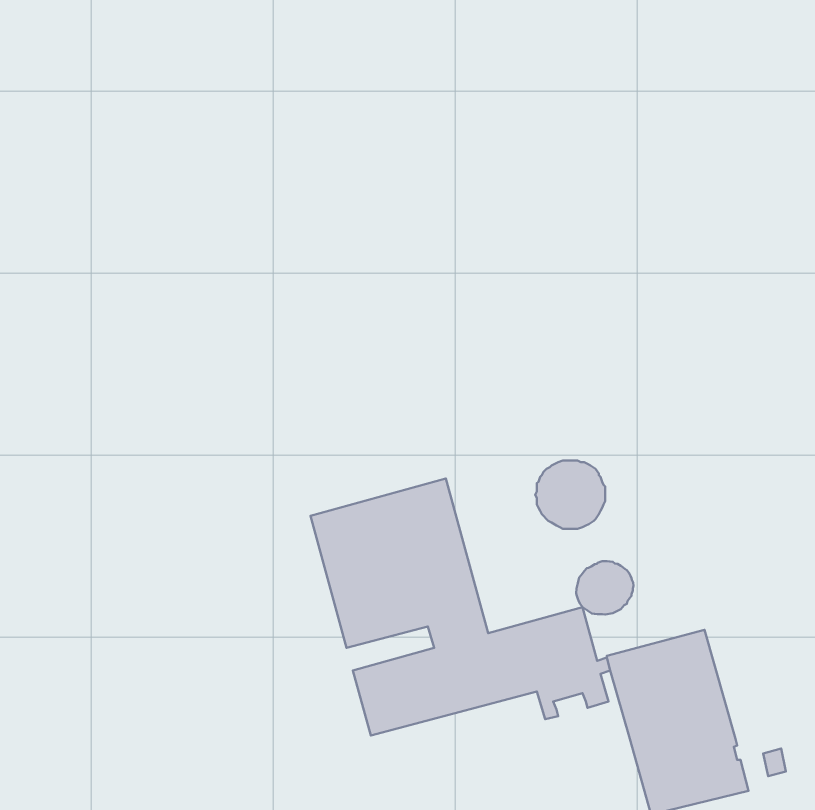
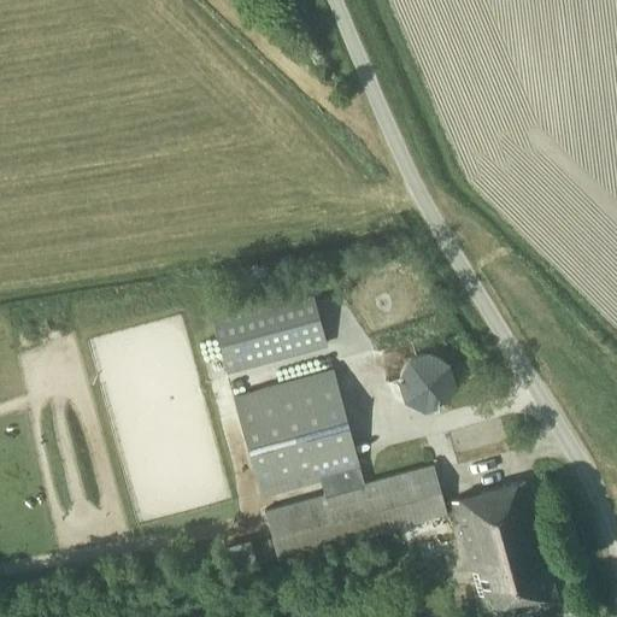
building: none -> [208,282,325,372]
building: [576,561,633,615] -> none

